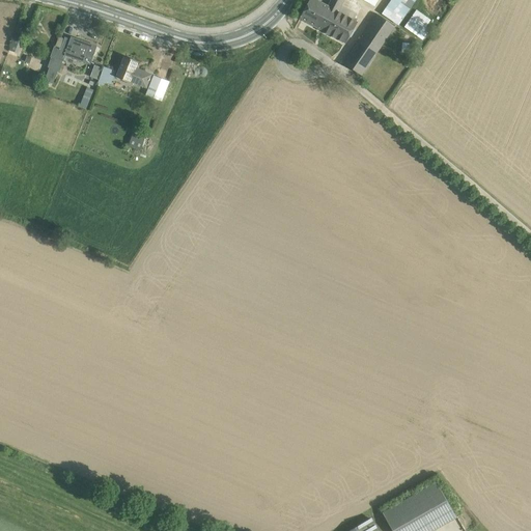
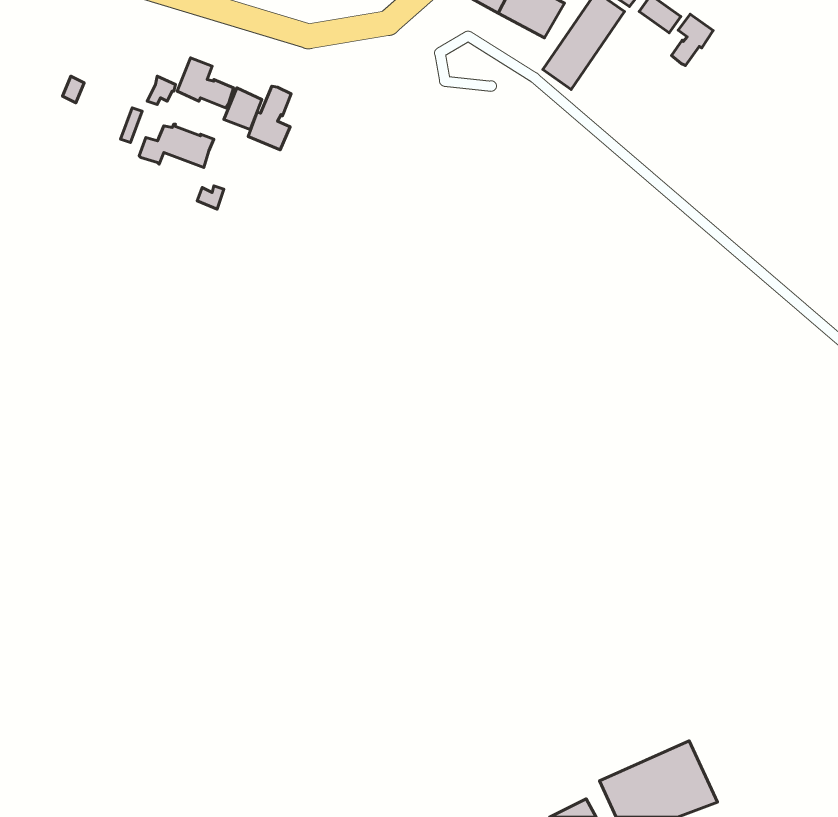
building: none -> [672,14,713,65]
building: [50,37,96,64] -> [139,124,214,167]
building: none -> [248,86,291,150]

